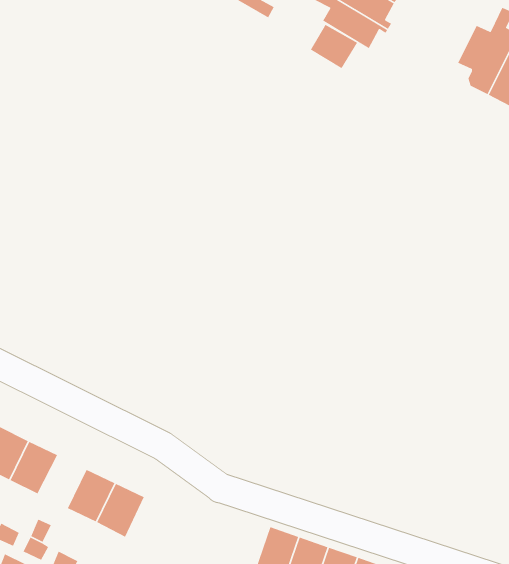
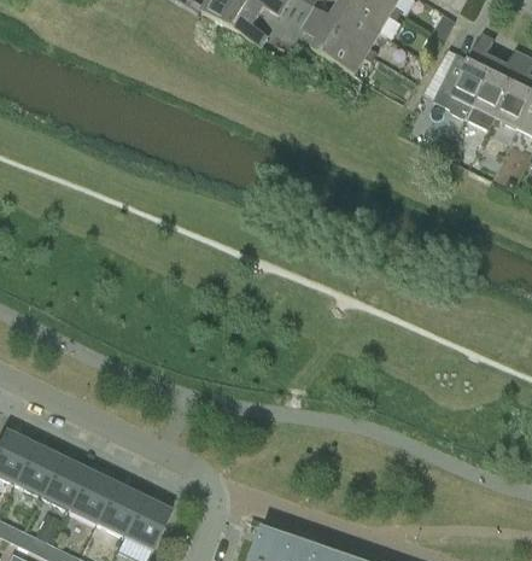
building: [310,24,358,69] -> none
building: none -> [42,457,88,508]
building: none -> [125,497,171,549]

